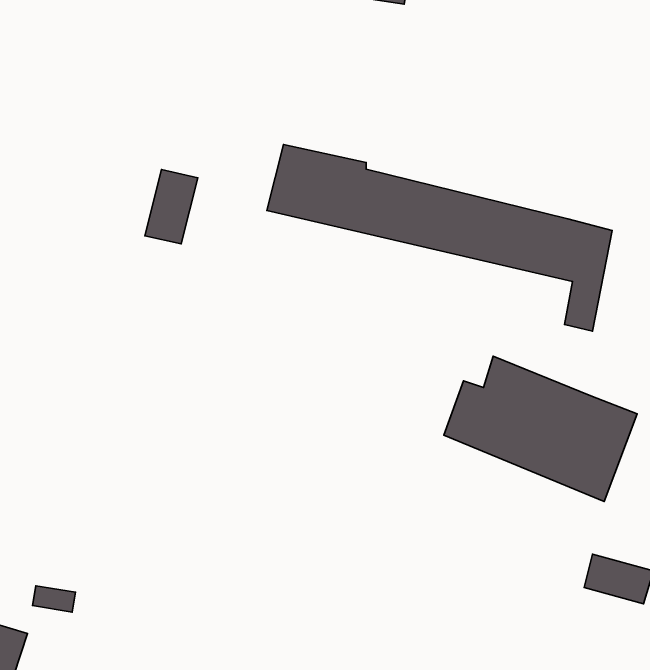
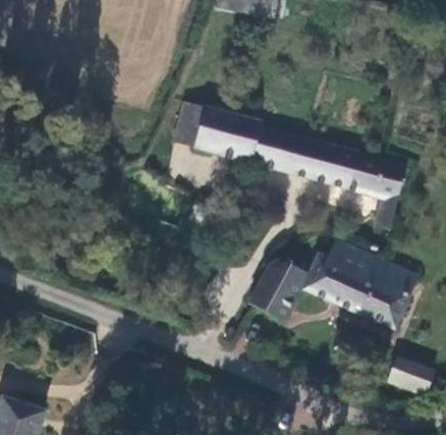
building: [145,170,198,244] -> [171,104,204,150]
building: none -> [245,257,303,319]

